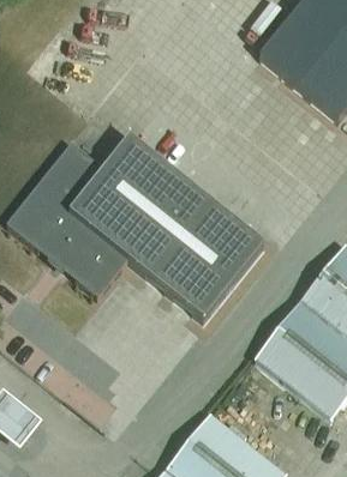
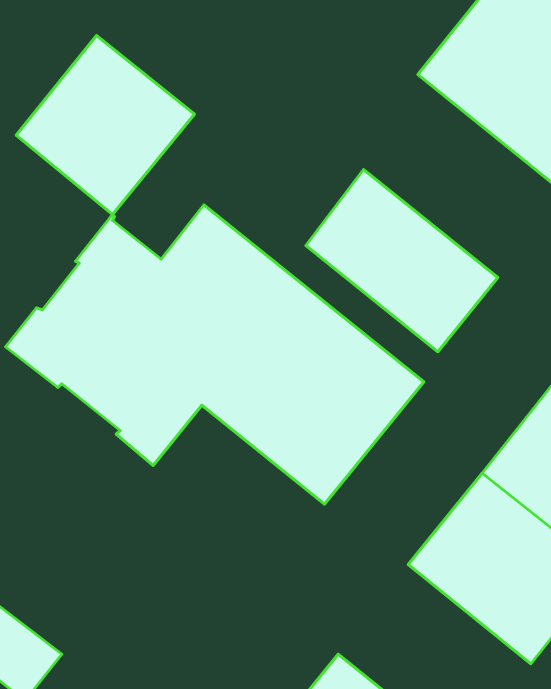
building: none -> [16,35,195,215]
building: none -> [306,170,498,352]

